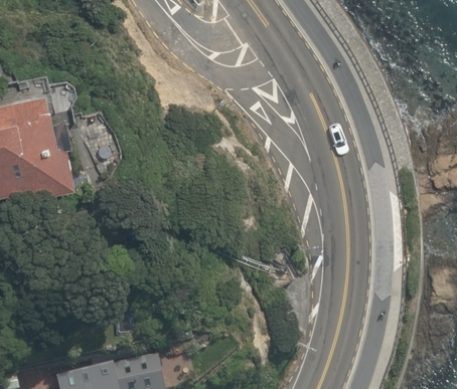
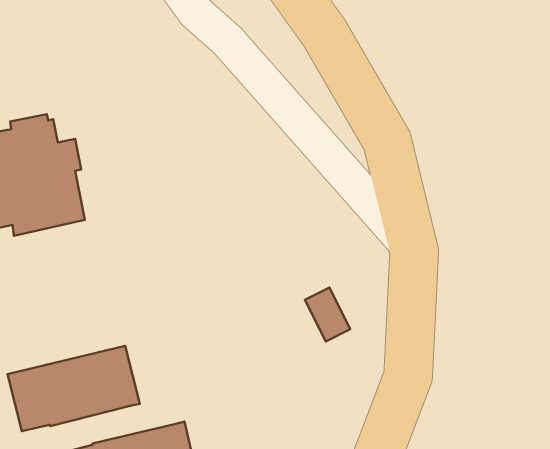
building: none -> [8,346,140,431]

